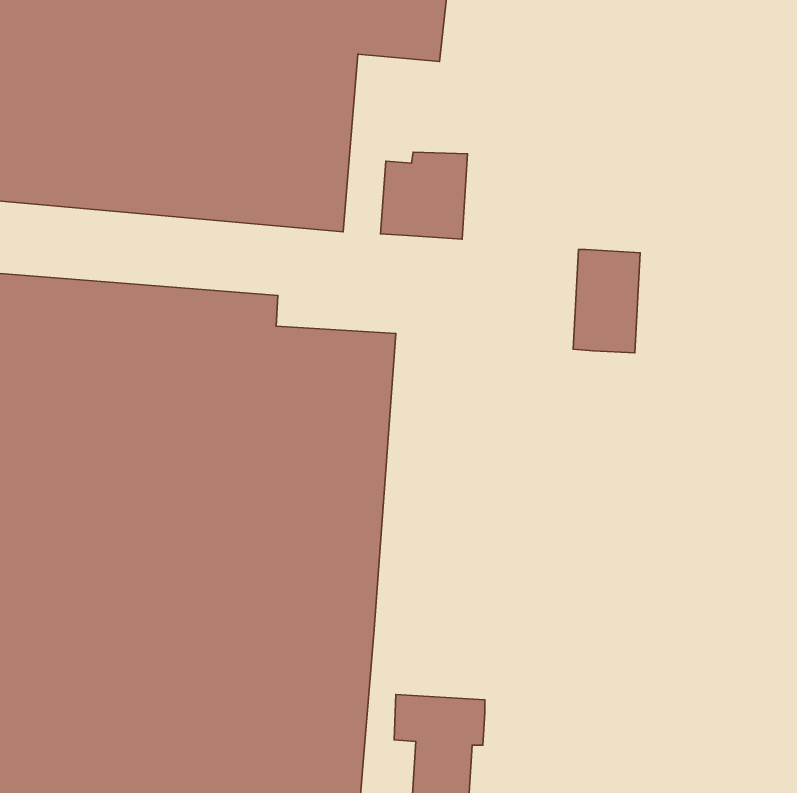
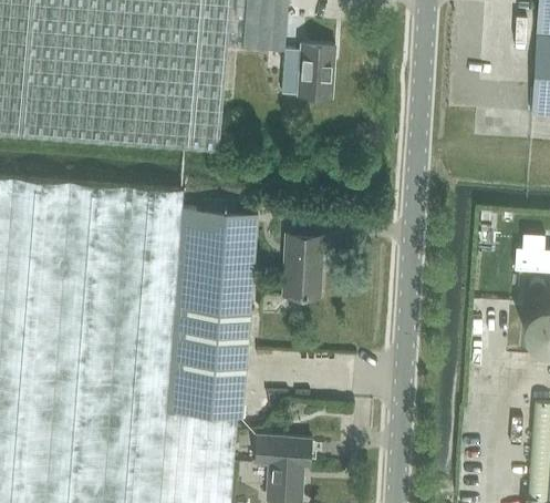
building: [381,152,468,239] -> [282,43,335,96]
building: [573,249,640,353] -> [281,233,322,296]

